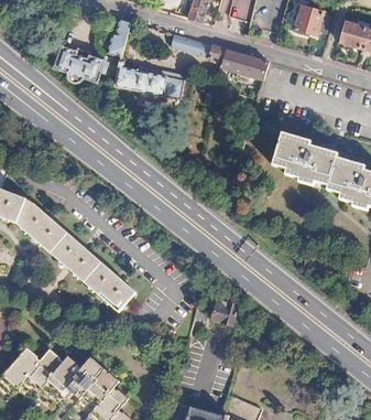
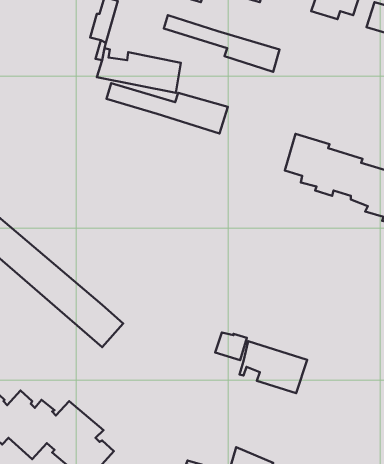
building: [55,45,110,86] -> none
building: none -> [106,83,228,133]
building: none -> [239,341,307,393]

